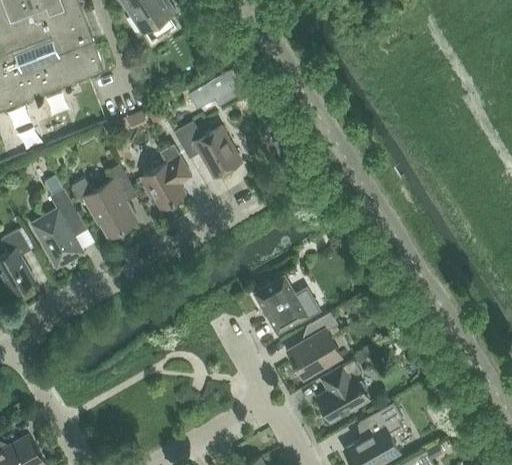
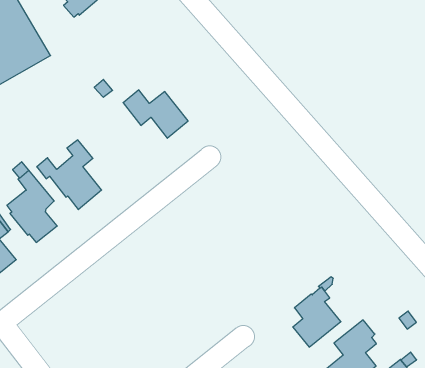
building: [189,68,244,109] -> none
building: [142,144,192,208] -> none
building: [254,276,319,333] -> none
building: [287,312,341,379] -> none

